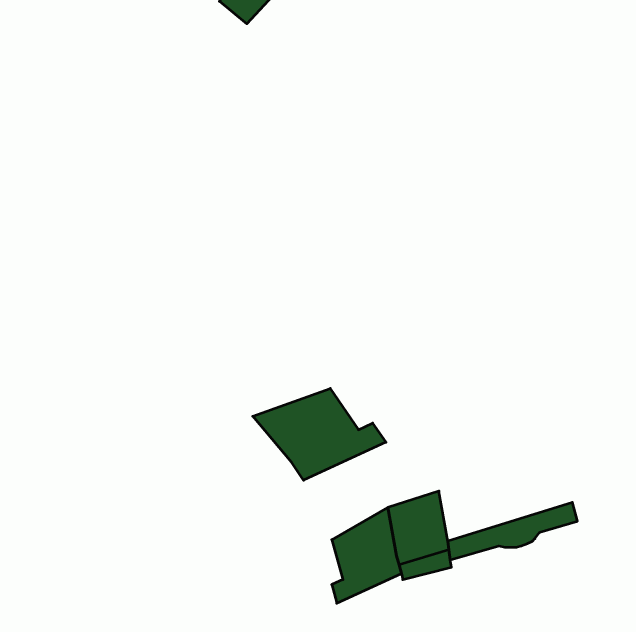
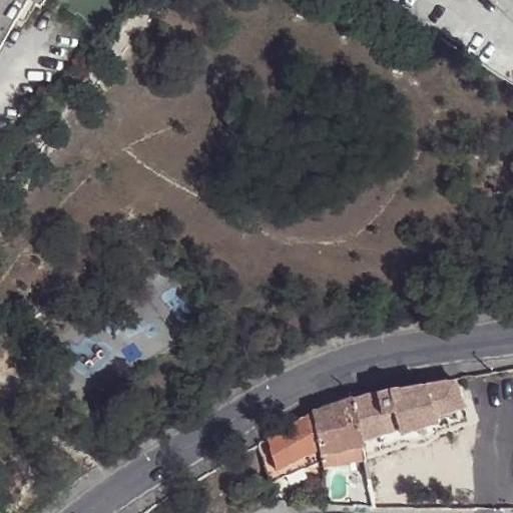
building: [253,388,386,480] -> none
building: none -> [354,378,461,435]

